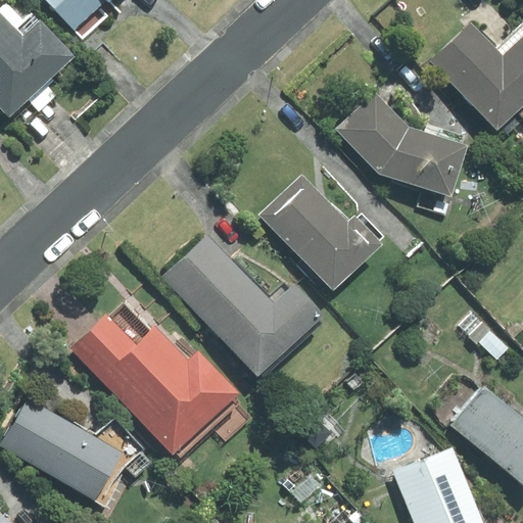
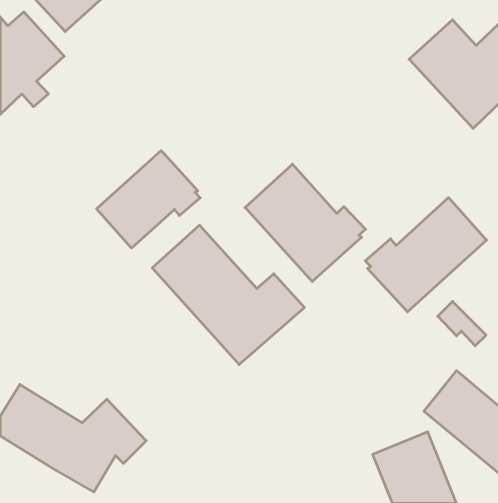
building: [336,91,467,198] -> none
building: none -> [97,151,200,248]
building: none -> [365,198,487,312]
building: [73,295,257,461] -> none

